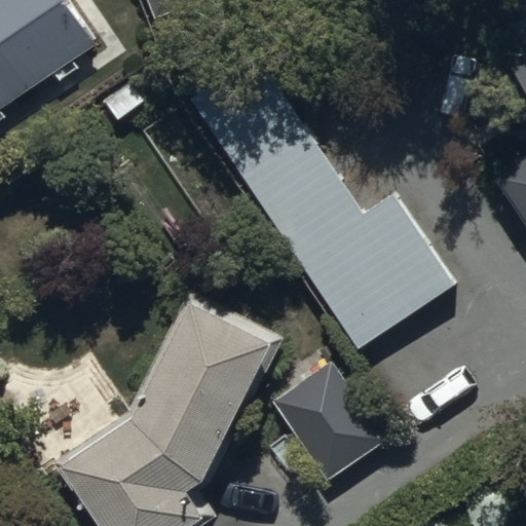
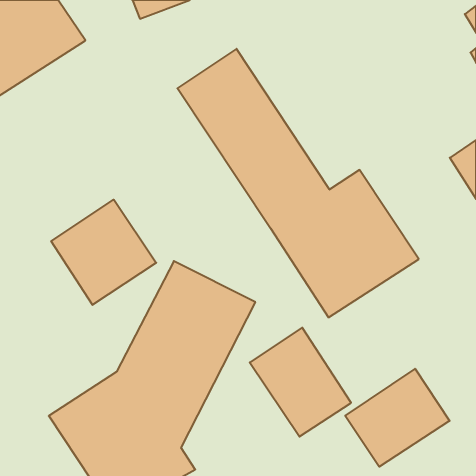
building: none -> [51,200,156,305]
building: none -> [345,369,450,467]

